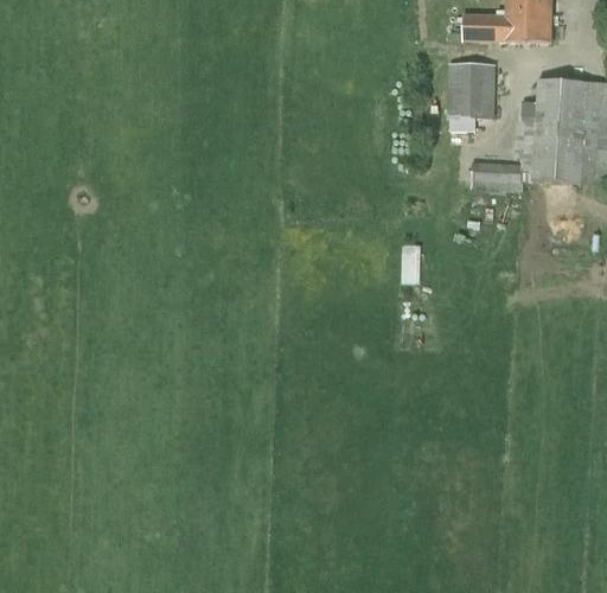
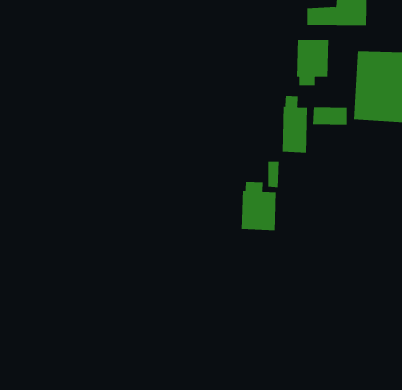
building: none -> [282,95,307,154]
building: none -> [241,181,276,231]

